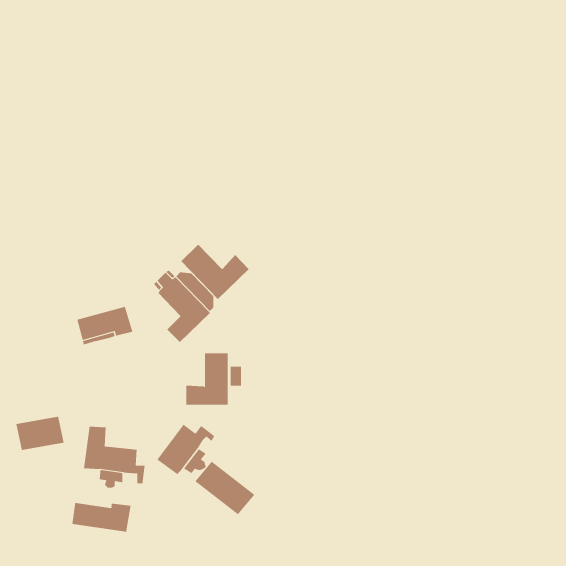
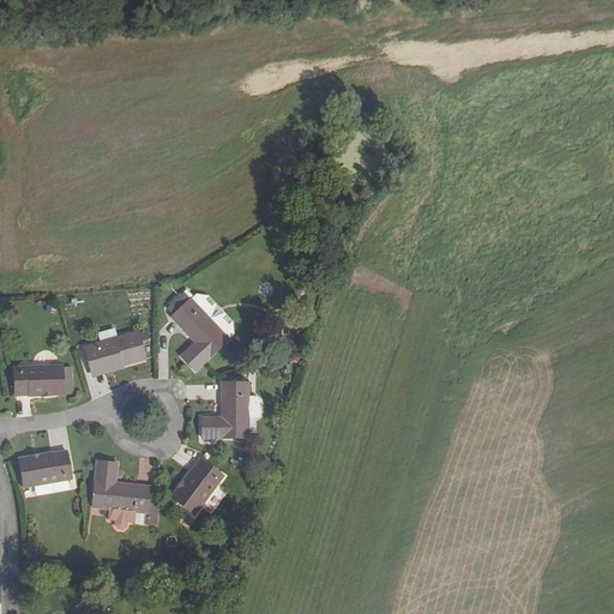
building: [180,244,250,300] -> none
building: none -> [12,365,70,396]
building: [195,461,255,515] -> none
building: [72,502,131,532] -> none

